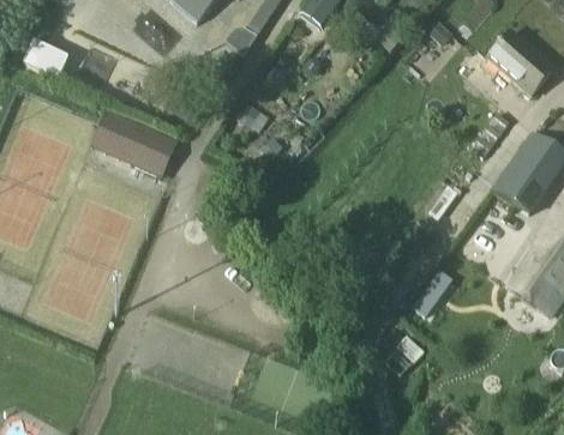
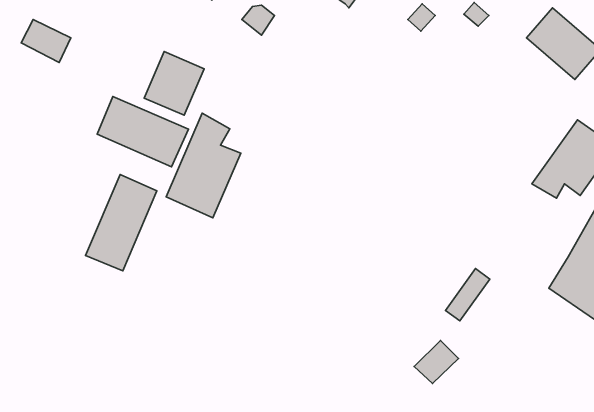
building: none -> [144,52,204,115]
building: none -> [166,113,241,218]
building: none -> [85,175,157,271]

